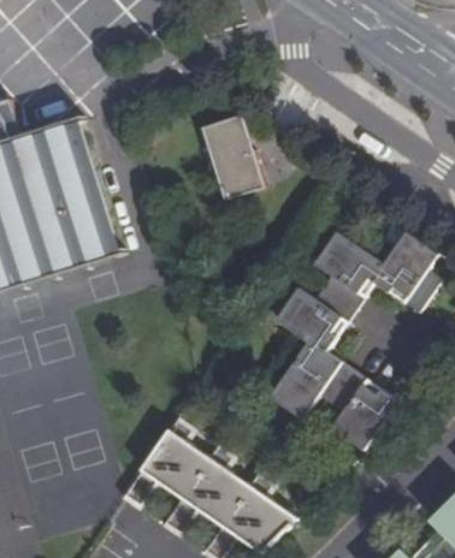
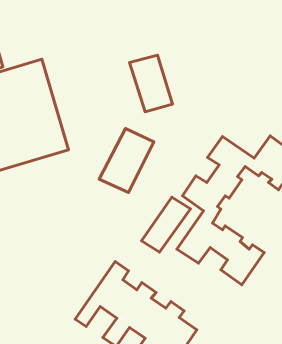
building: none -> [99,129,154,192]
building: none -> [141,197,190,252]

